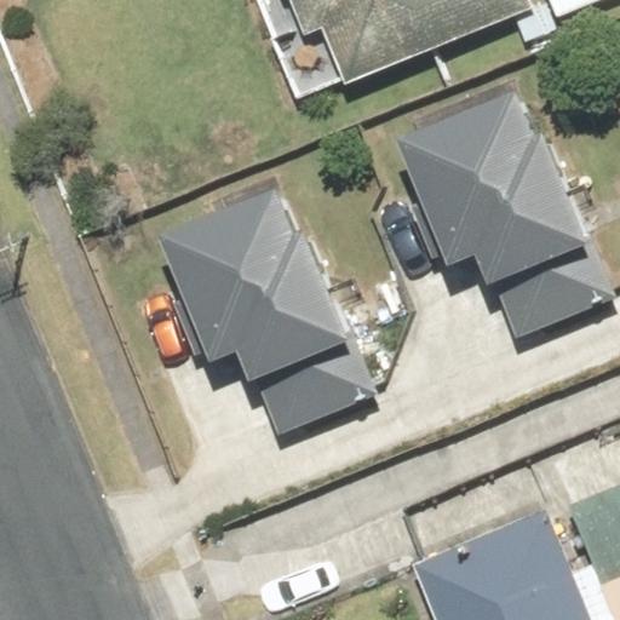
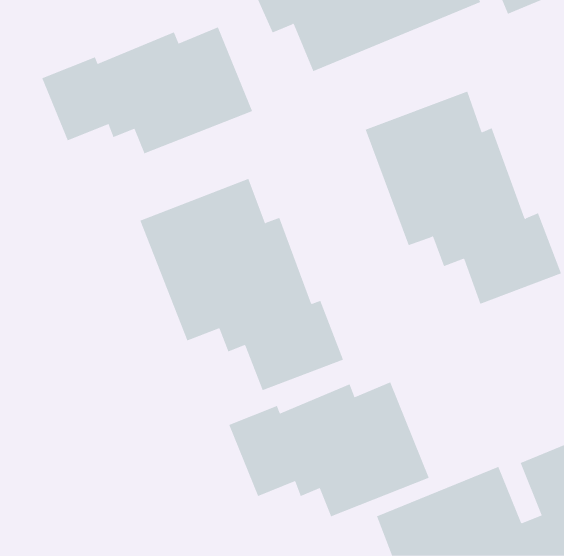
building: none -> [41,26,253,154]
building: none -> [228,381,430,517]

